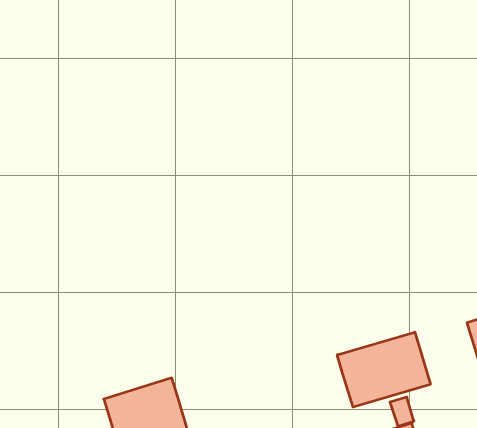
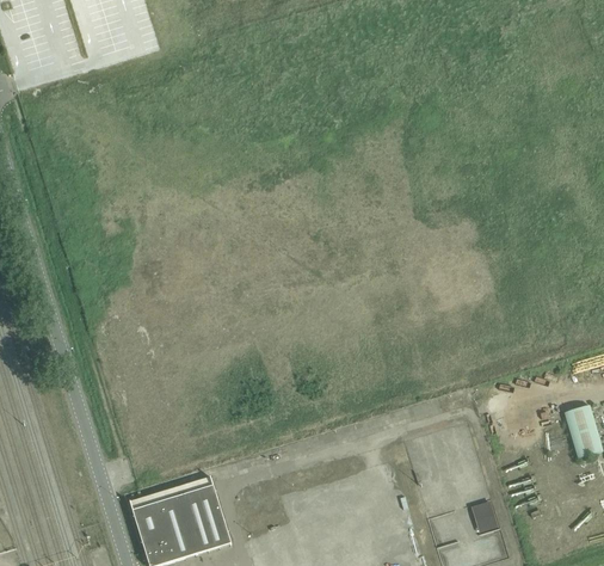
building: [337,332,430,407] -> none

